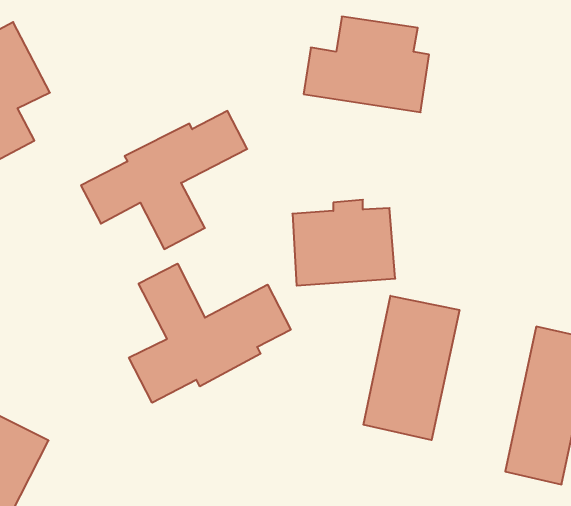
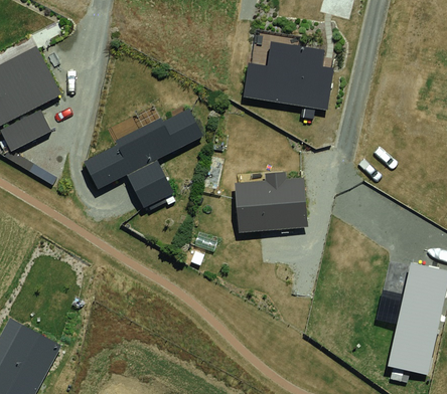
building: [129,264,291,403] -> none
building: [363,296,459,440] -> none

